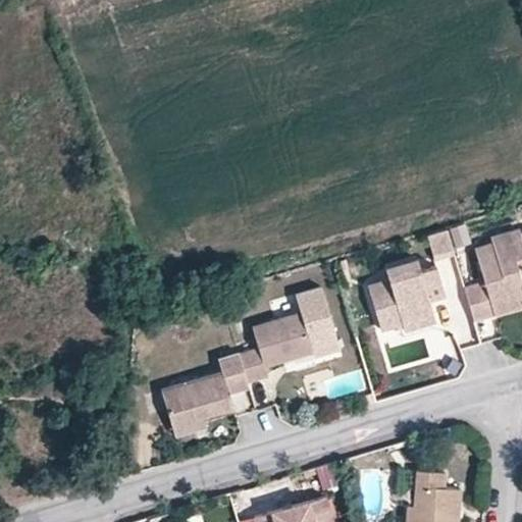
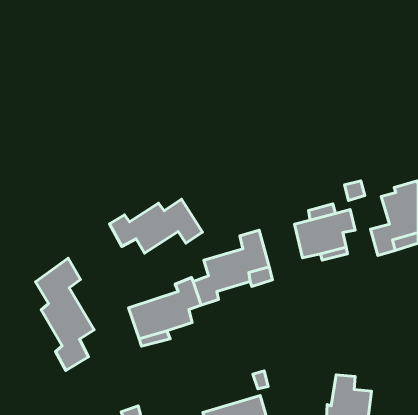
building: none -> [109,199,203,253]
building: none -> [35,258,94,371]

